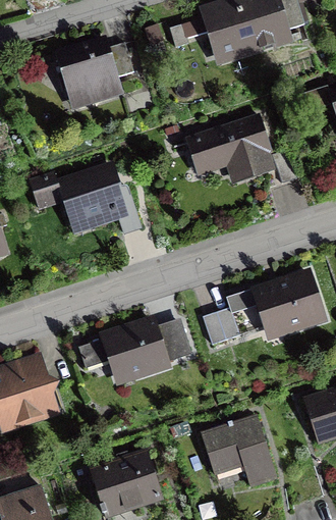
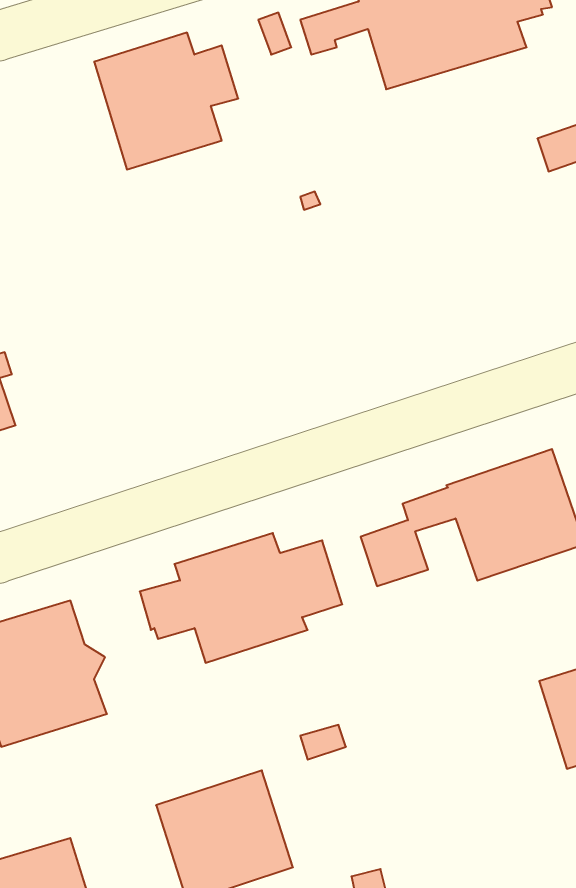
building: [184,112,298,186] -> none
building: [29,160,143,236] -> none
building: [201,414,277,487] -> none

